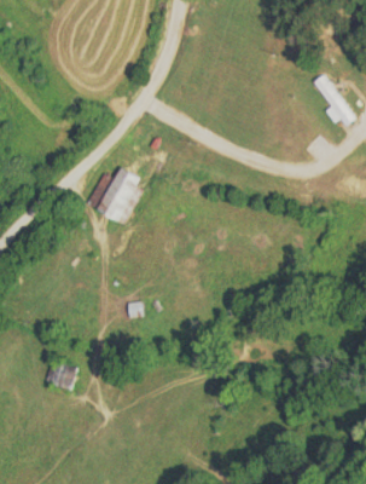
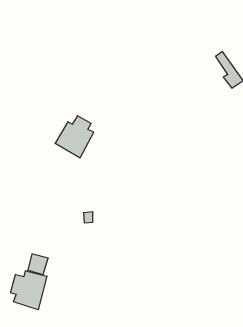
building: none -> [10,271,47,310]

